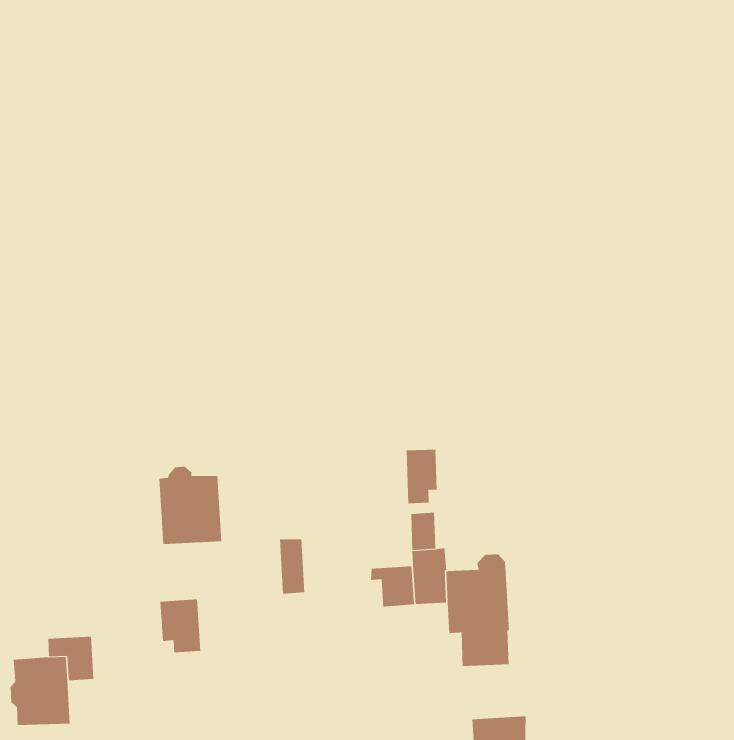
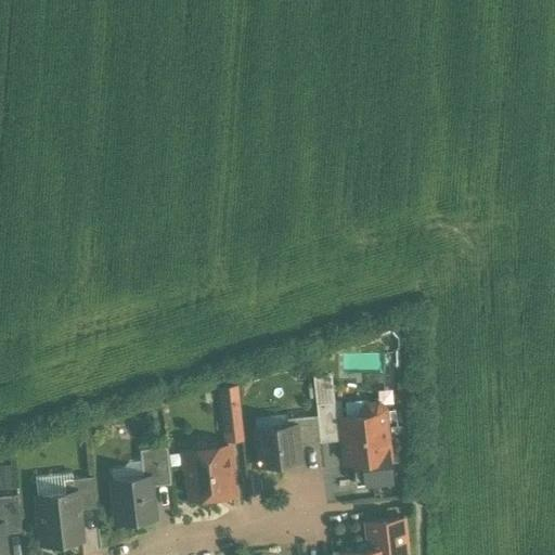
building: [406,449,437,504] -> none
building: [158,466,222,545] -> [185,441,233,498]
building: none -> [256,426,300,465]
building: none -> [112,477,155,520]

